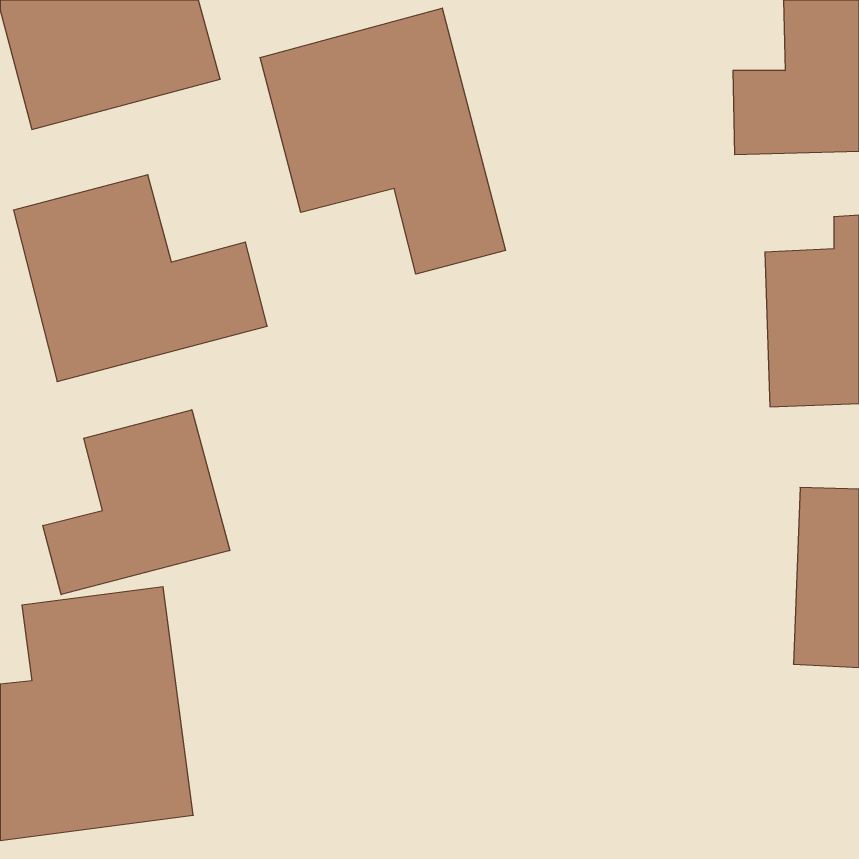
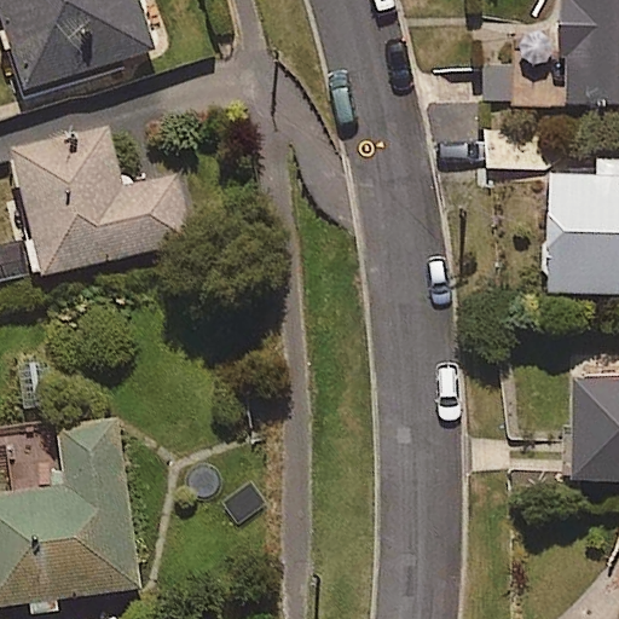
building: [260,8,506,274] -> none
building: [43,410,230,595] -> none

